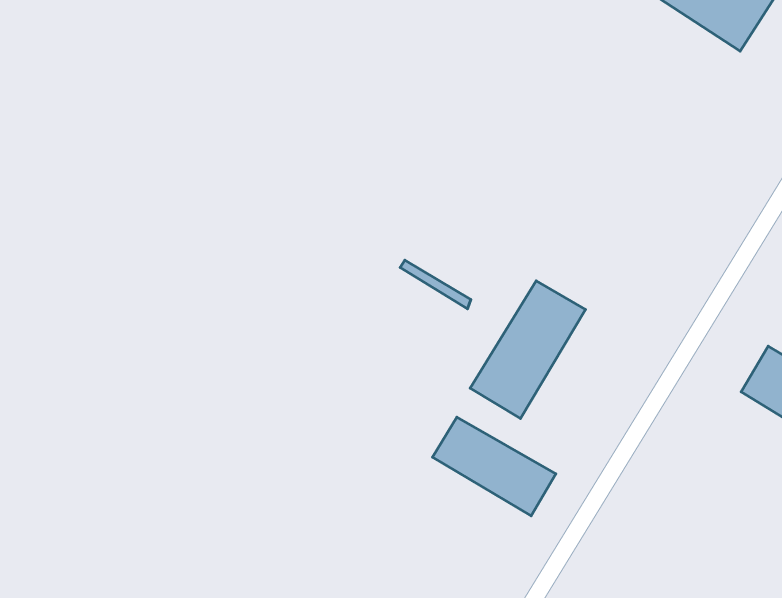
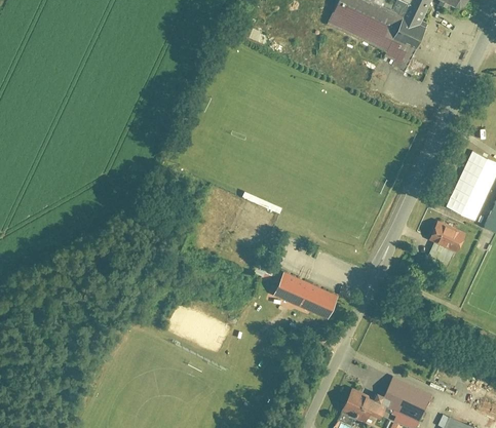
building: [470,281,585,419] -> none

